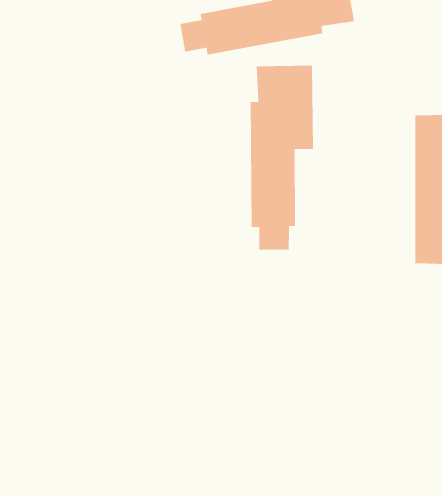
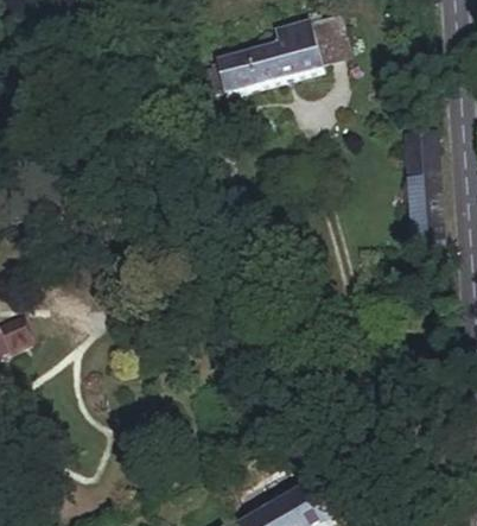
building: [250,65,313,251] -> none

